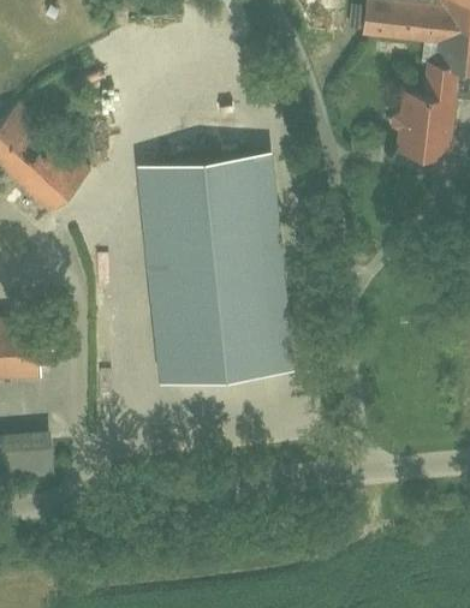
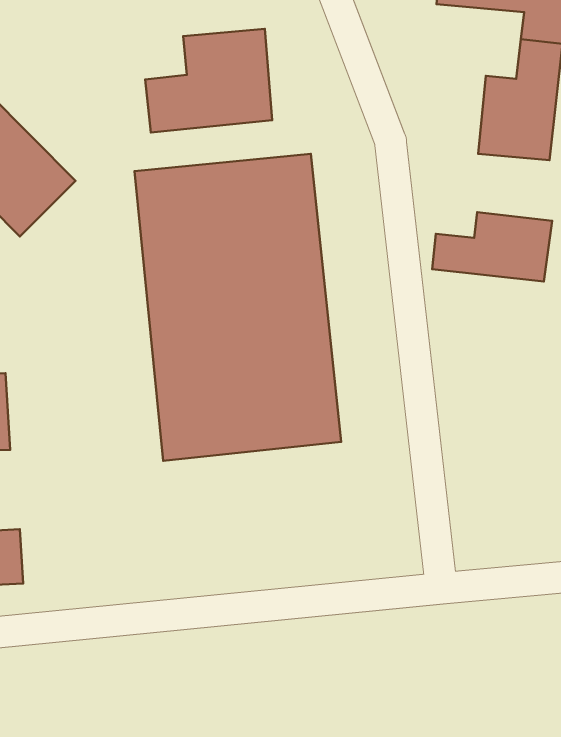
building: none -> [145,29,272,132]
building: none -> [432,212,552,281]

